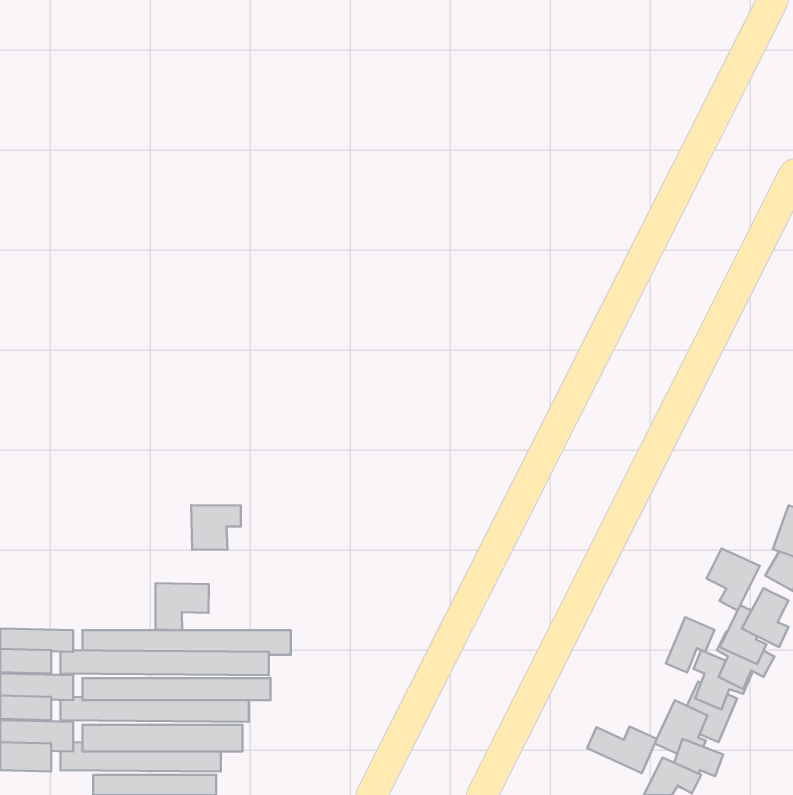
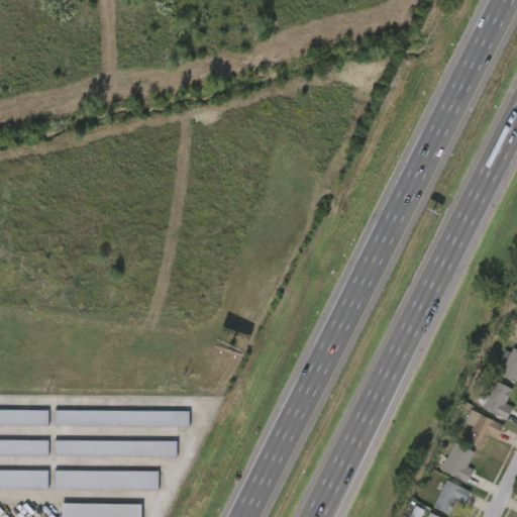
building: [191,505,241,550] -> none
building: [707,549,760,611] -> none
building: [156,583,209,630] -> none
building: [666,617,715,672] -> none
building: [587,726,657,773] -> none

